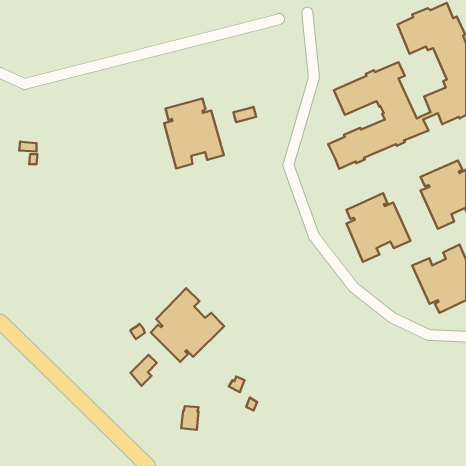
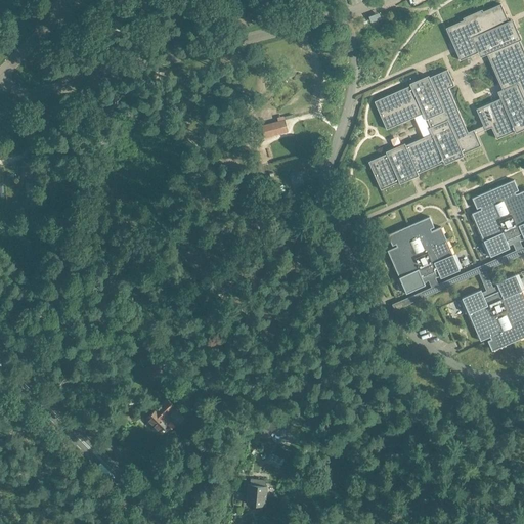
building: [164,99,224,168] -> none
building: [151,288,224,362] -> none
building: [181,406,199,430] -> [247,479,266,506]

